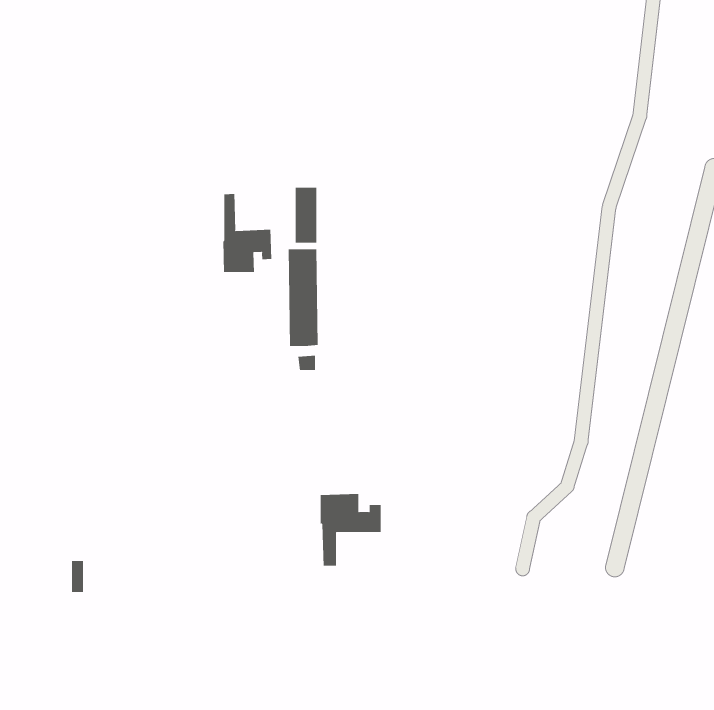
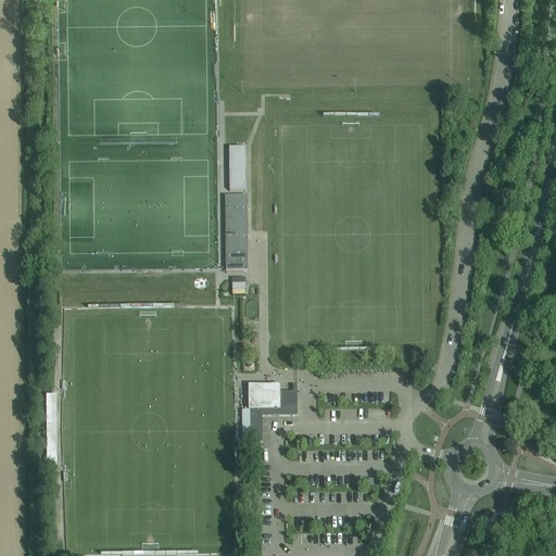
building: [223,193,272,273] -> none

